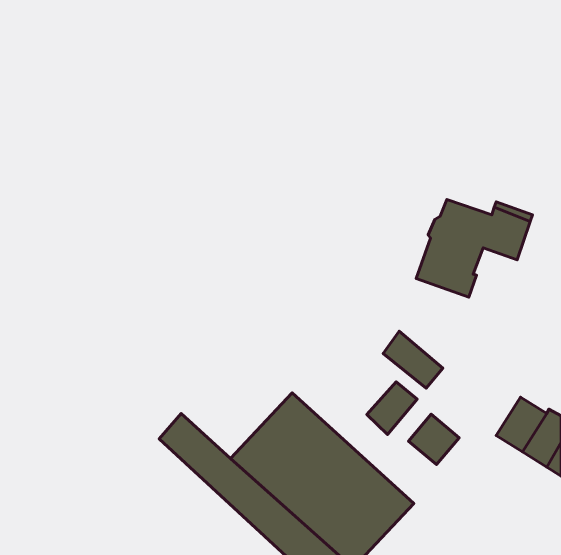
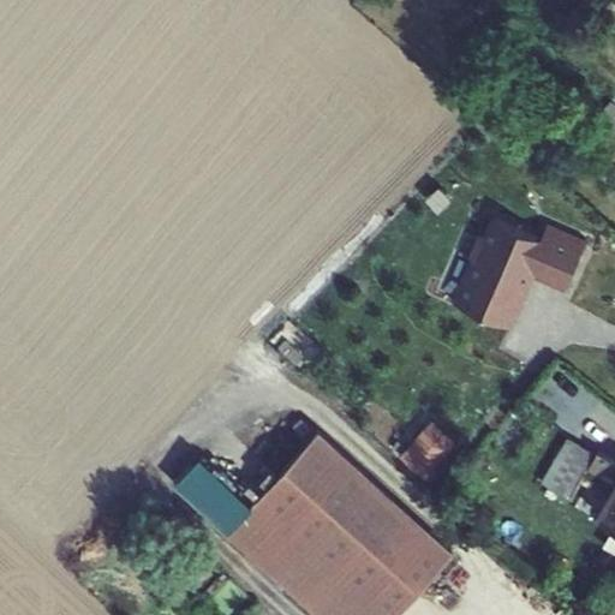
building: [383,331,443,388] -> none
building: [409,414,459,465] -> none

